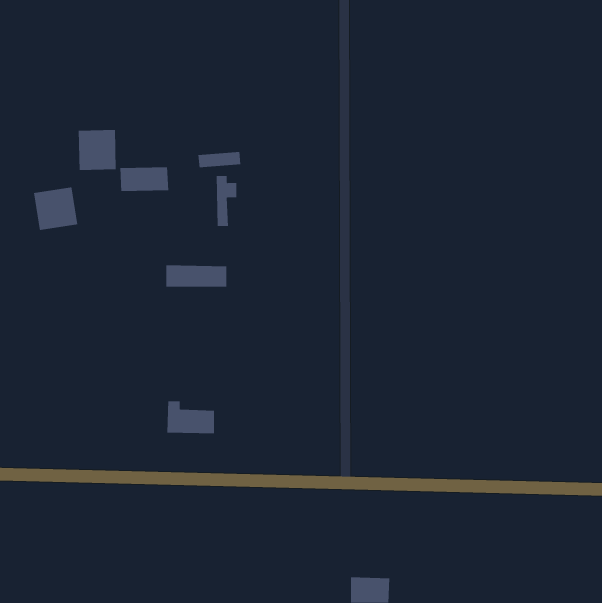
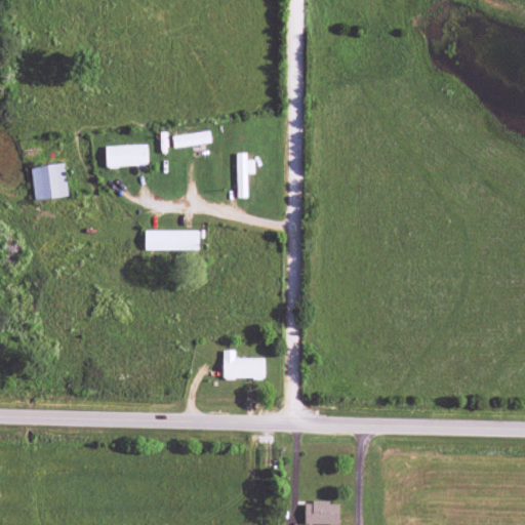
building: [78,129,116,171] -> none
building: [216,176,237,226] -> [237,153,255,197]
building: [166,401,215,434] -> [224,350,266,378]

